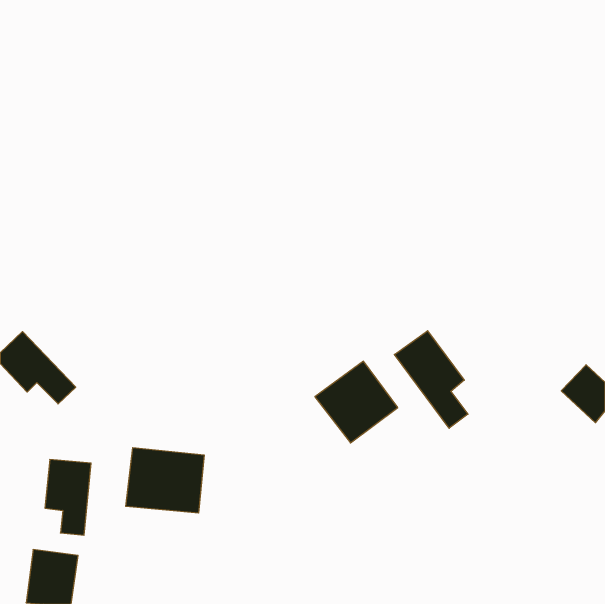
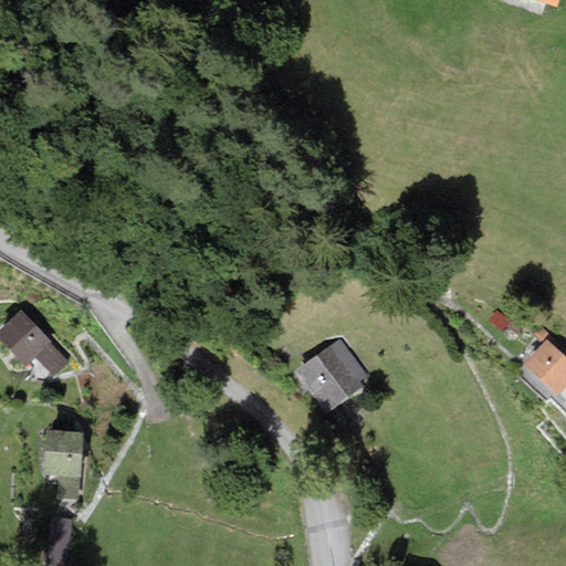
building: [394,331,468,428] -> none
building: [126,448,204,513] -> none

